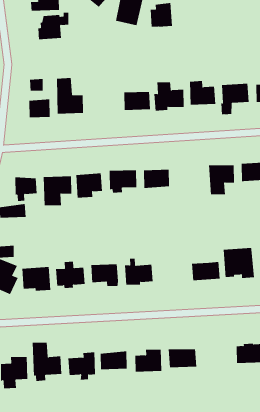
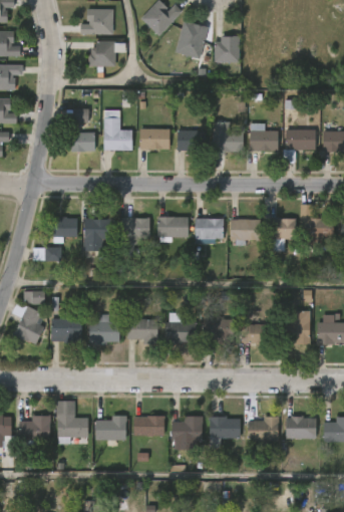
building: none -> [140,129,170,150]
building: none -> [229,219,259,245]
building: none -> [204,318,235,342]
building: none -> [245,416,277,441]

